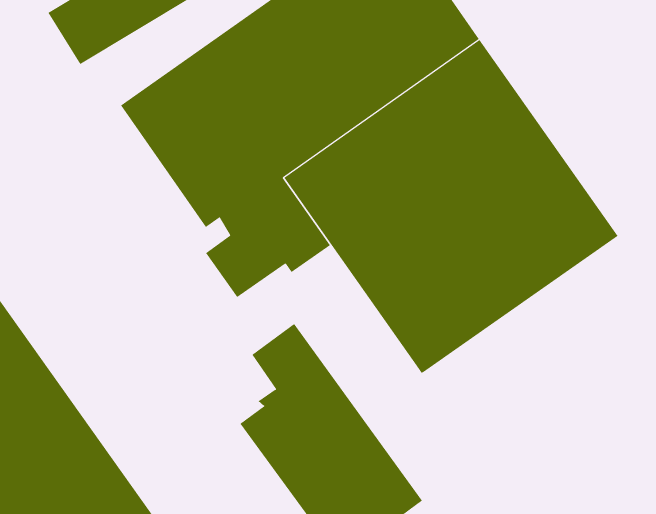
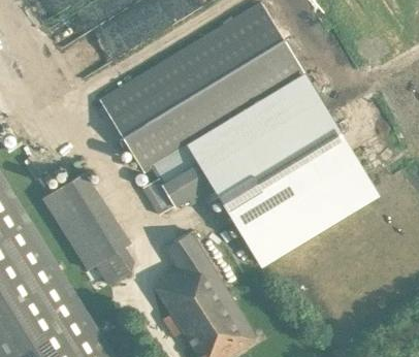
building: none -> [43,173,135,288]

